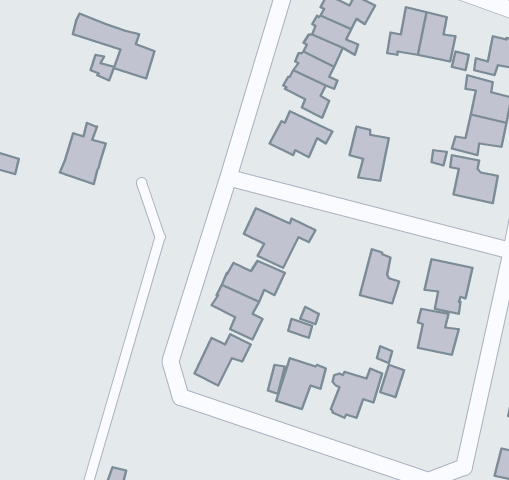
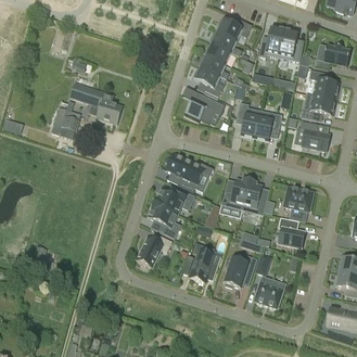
building: [73,14,155,78] -> [71,82,123,124]
building: none -> [255,110,282,140]
building: none -> [221,179,250,209]
building: none -> [254,277,284,308]

